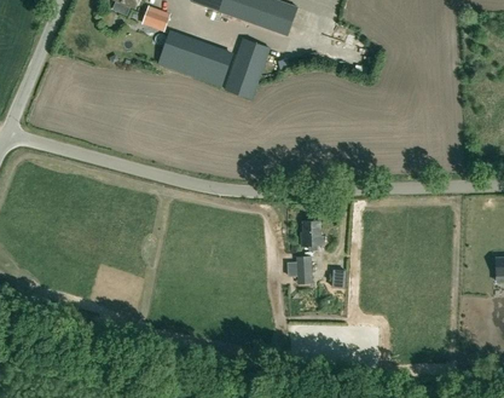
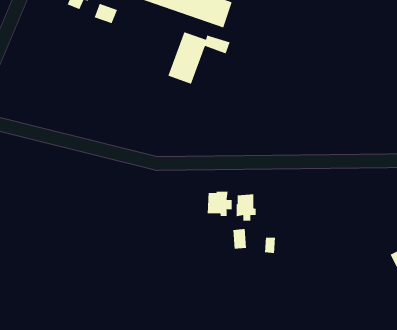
building: [157,31,231,86] -> none
building: none -> [207,191,232,217]

